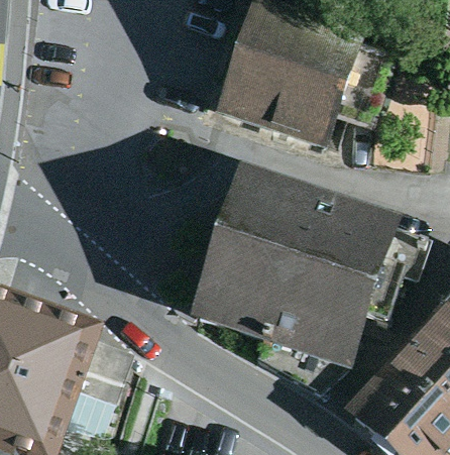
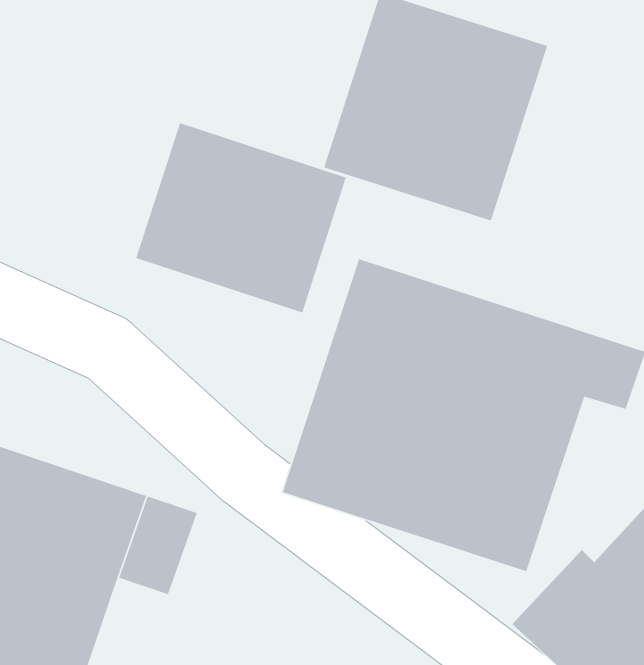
building: none -> [135,122,347,313]

